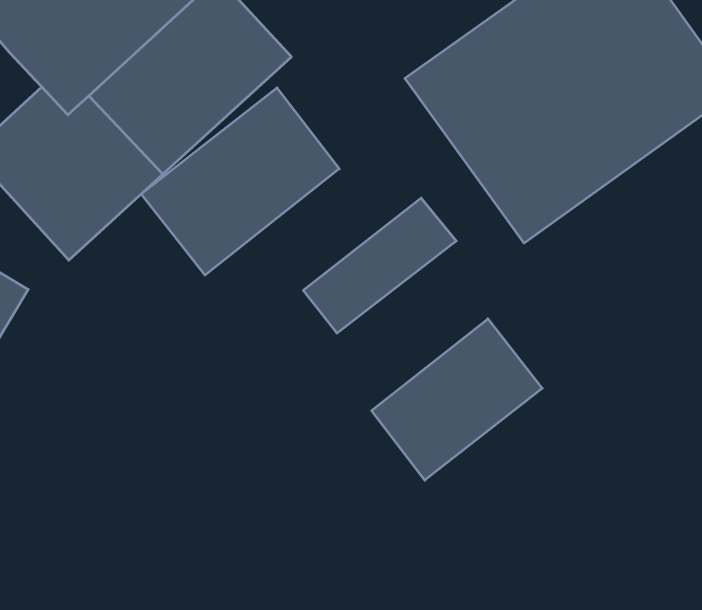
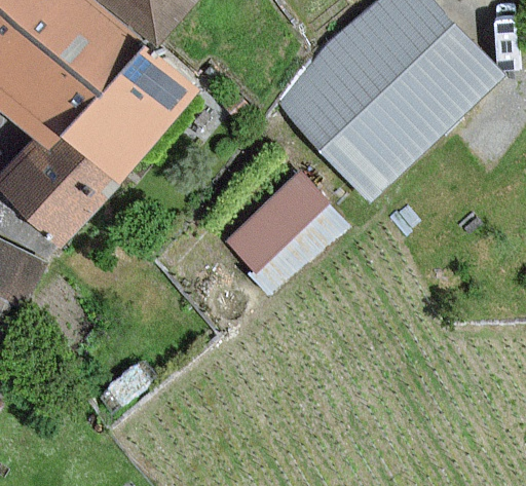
building: [141,88,339,275] -> none
building: [372,319,542,480] -> none

